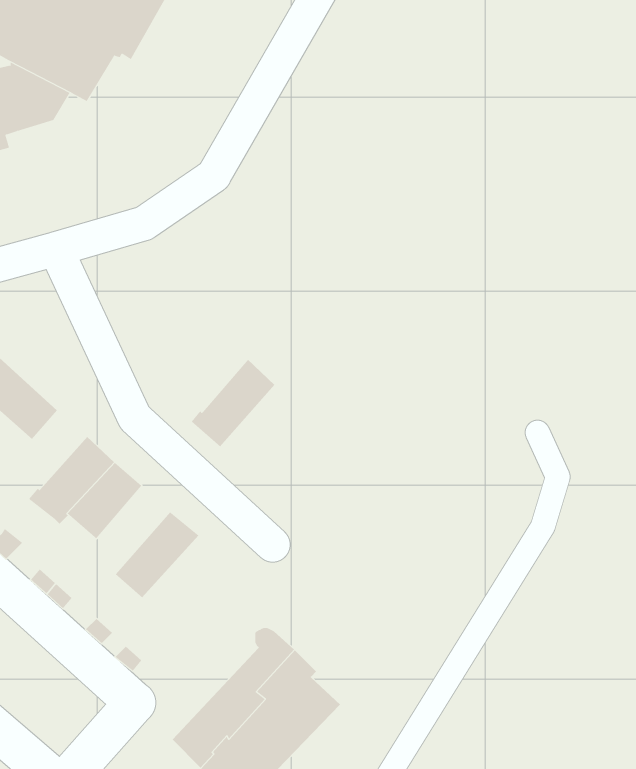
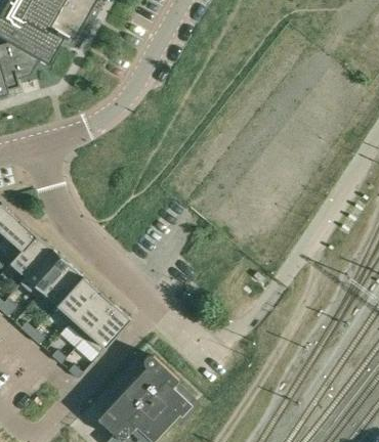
building: [191,359,275,447] -> [49,276,96,325]
building: none -> [7,234,50,278]
building: none -> [81,304,129,354]

